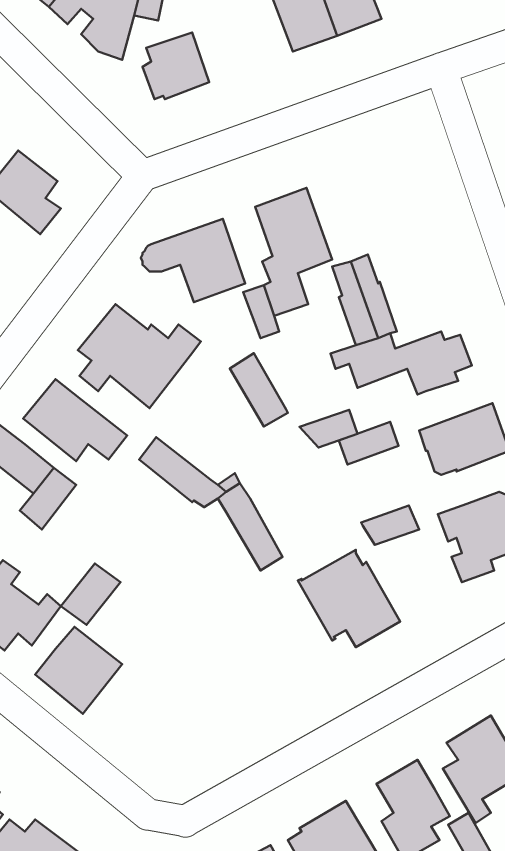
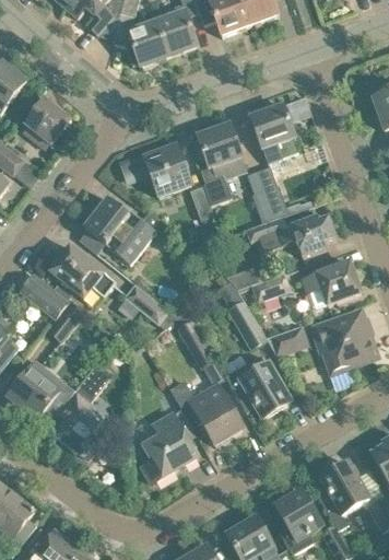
building: none -> [156,11,197,54]
building: none -> [249,103,297,160]
building: [230,353,288,427] -> [228,300,266,347]
building: none -> [188,382,243,443]
building: none -> [142,408,197,481]

